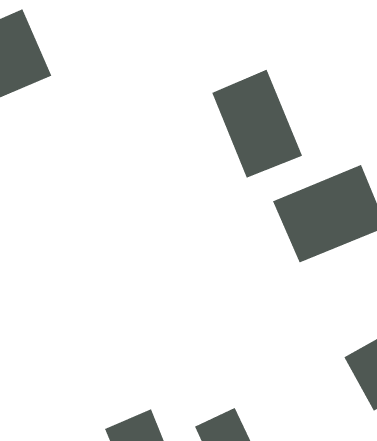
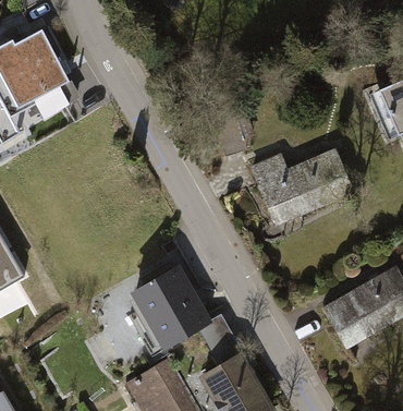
building: [212,69,303,179] -> none
building: none -> [131,264,212,350]

